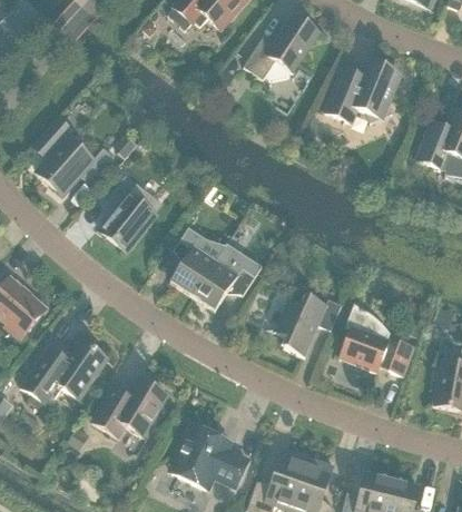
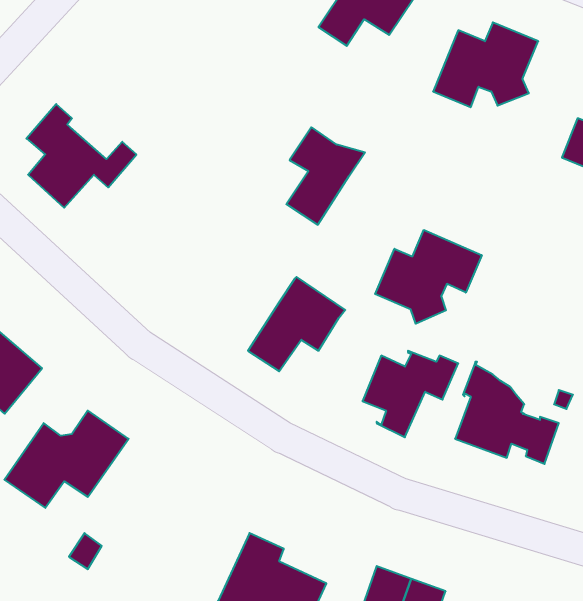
building: [99,174,155,249] -> none
building: none -> [375,230,482,324]
building: [170,225,226,294] -> [286,127,365,225]
building: [91,376,167,435] -> none

